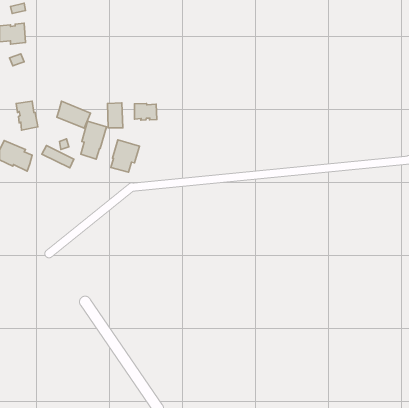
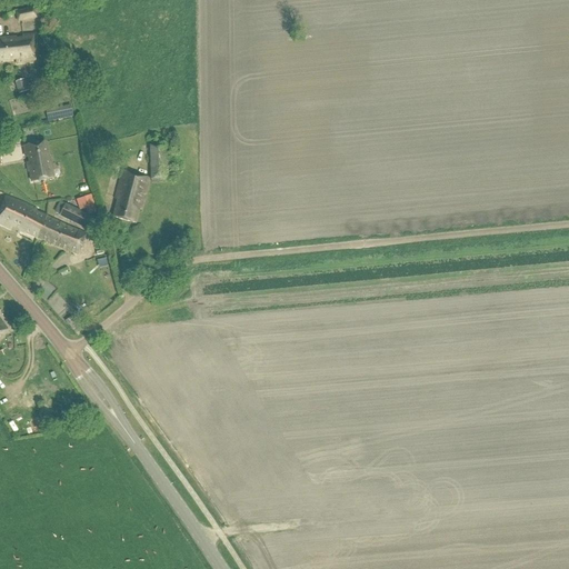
building: [57,101,90,128] -> [38,214,84,252]
building: [134,103,157,120] -> none
building: [111,140,140,172] -> none

